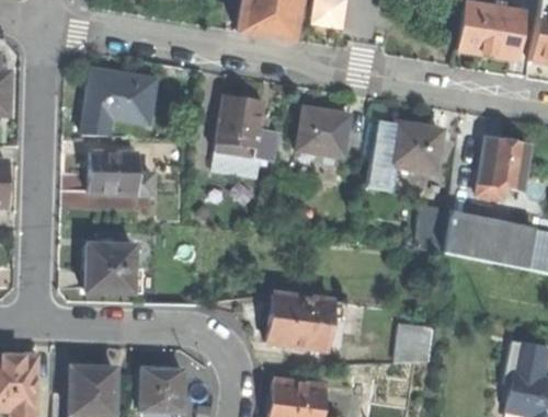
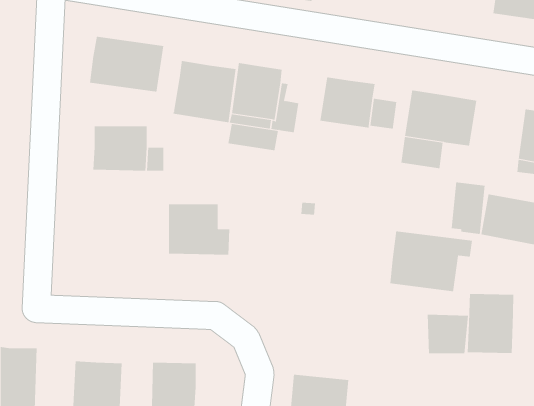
building: none -> [173,60,236,123]
building: [88,246,145,293] -> [168,204,230,255]
building: [269,293,345,349] -> [389,231,473,292]
building: none -> [467,293,514,354]

